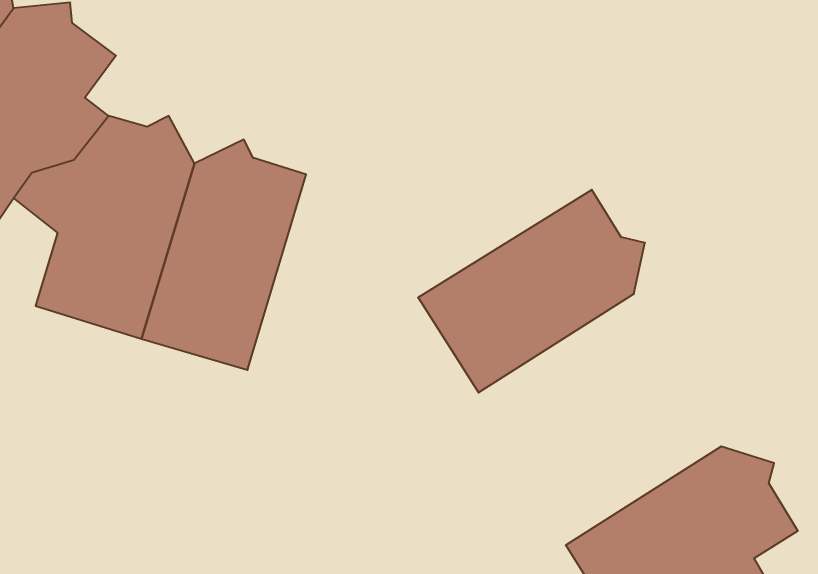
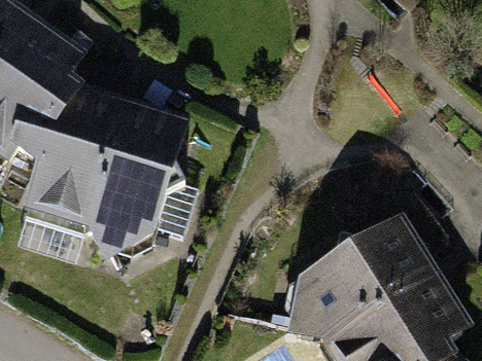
building: [418,190,645,393] -> [290,225,418,339]

